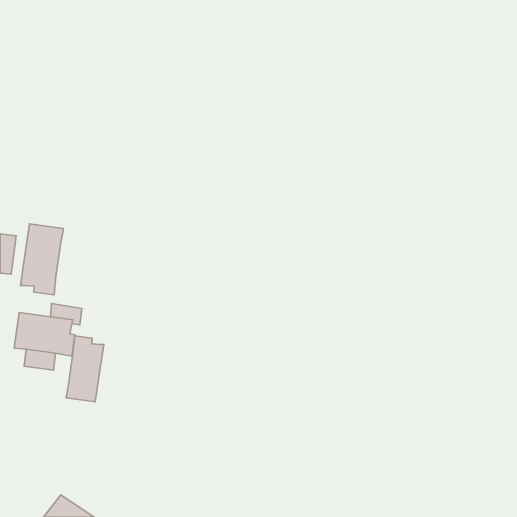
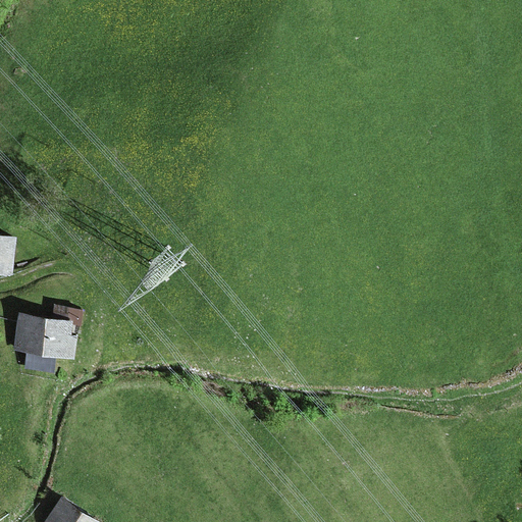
building: [20,224,63,295] -> none
building: [66,336,104,402] -> none

